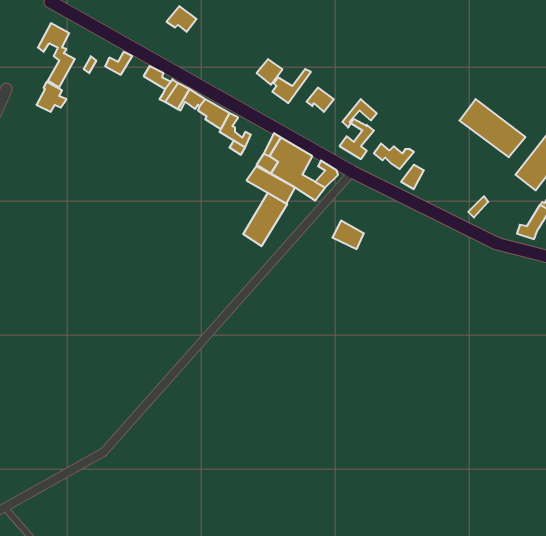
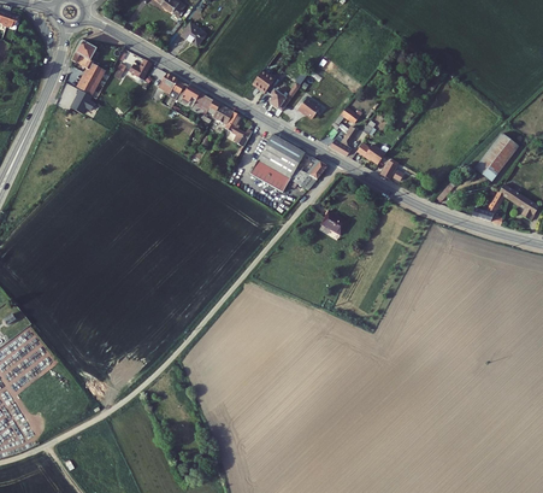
building: [459,99,525,157] -> none
building: [243,193,287,246] -> none

